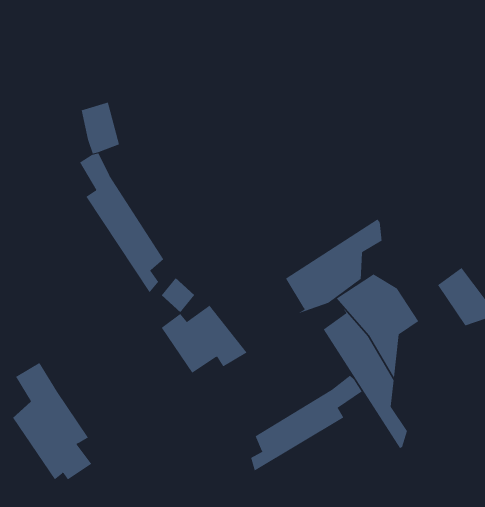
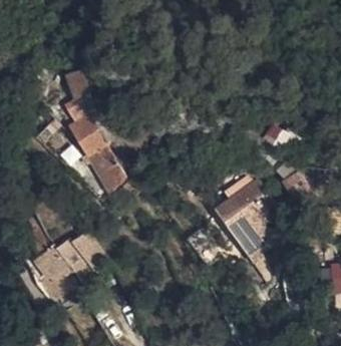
building: [285,219,382,316] -> none
building: [161,305,248,374] -> [51,232,104,274]
building: [250,375,363,471] -> none

